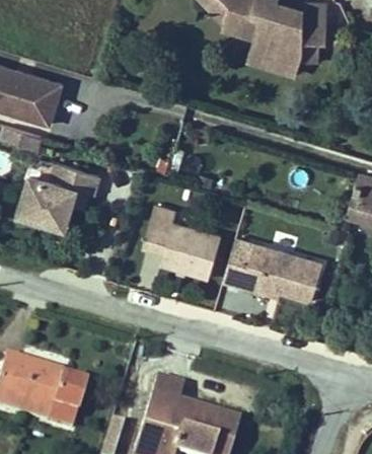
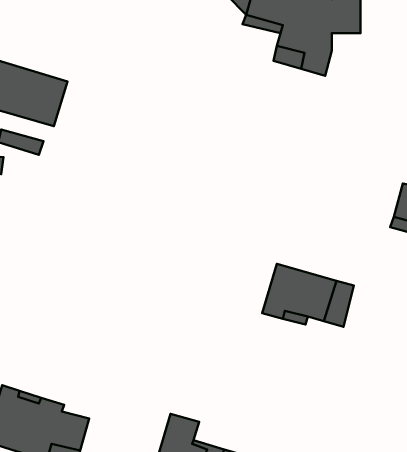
building: [20,161,103,225] -> none
building: [141,211,218,285] -> none

